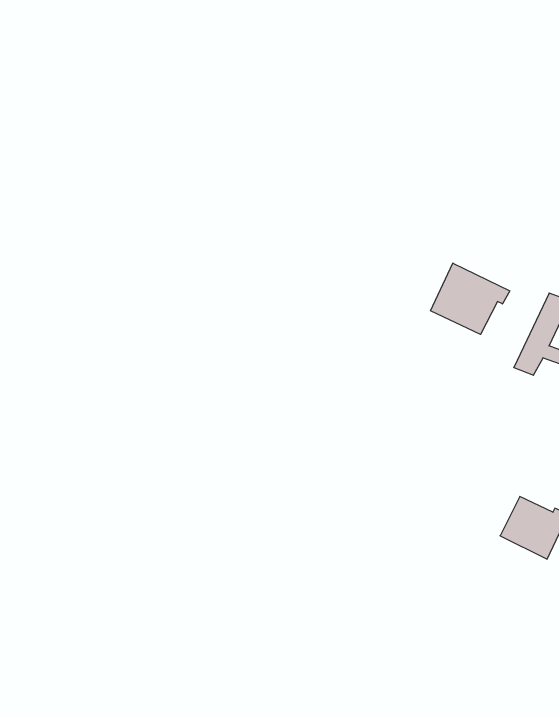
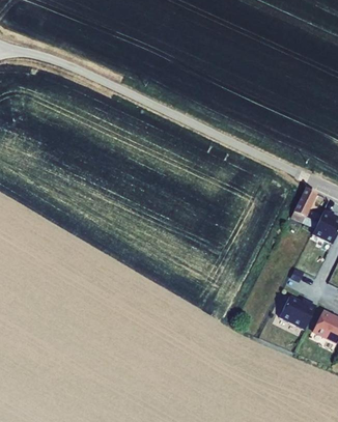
building: [430,263,510,334] -> none

